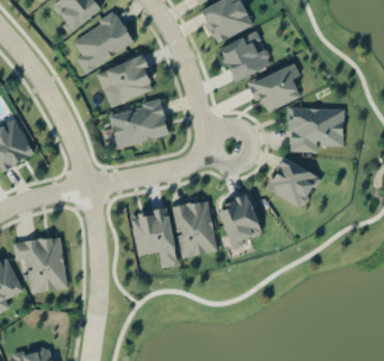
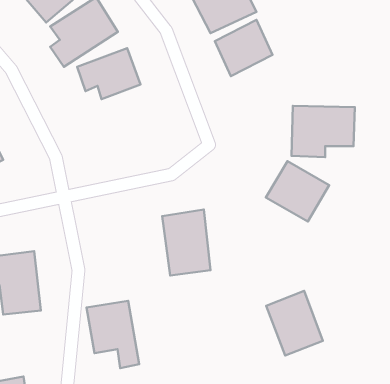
building: [247,63,301,113] -> none
building: [110,101,168,147] -> none
building: [215,192,265,249] -> [266,291,323,356]
building: [131,210,178,269] -> [87,301,139,368]

